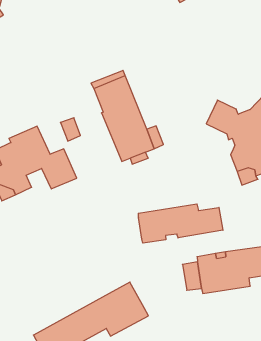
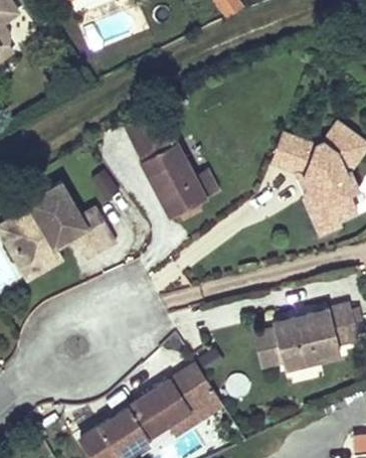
building: [138,204,223,243] -> none

